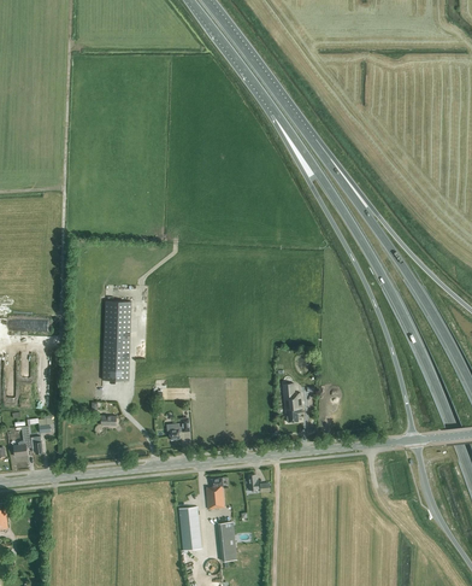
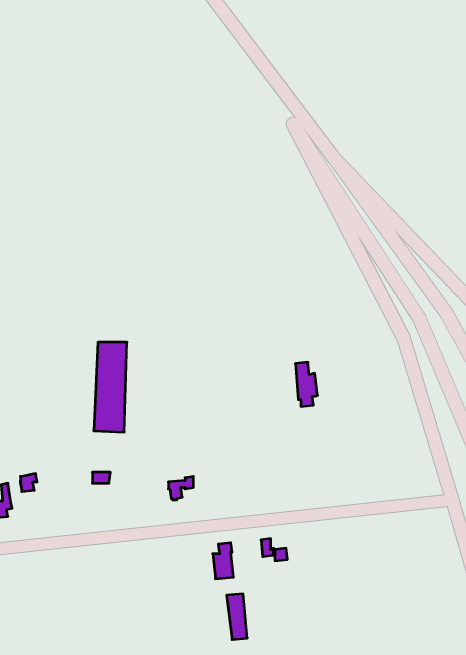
building: [283,383,302,422] -> [295,362,318,406]
building: [179,506,201,550] -> none

